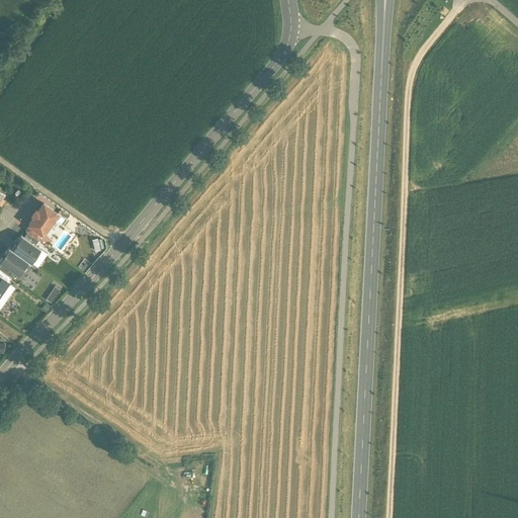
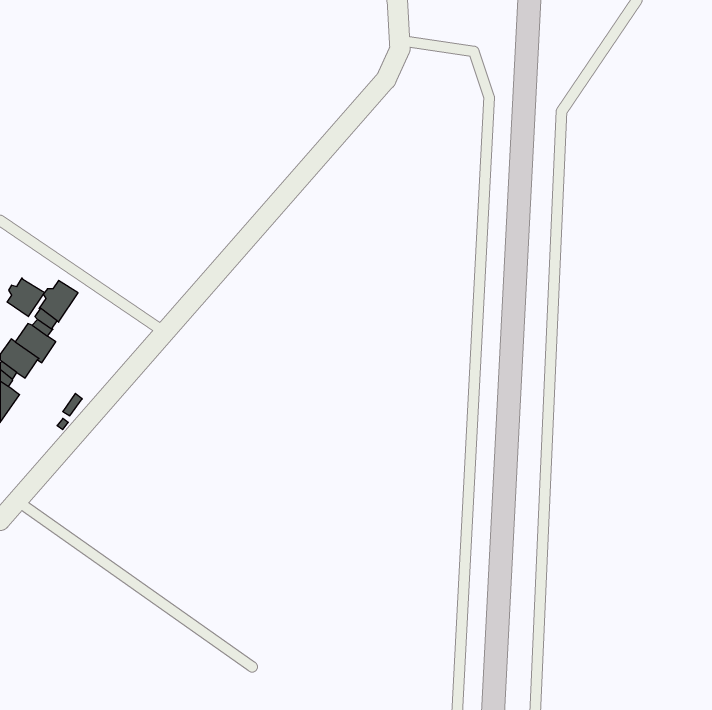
building: none -> [7,278,45,317]

